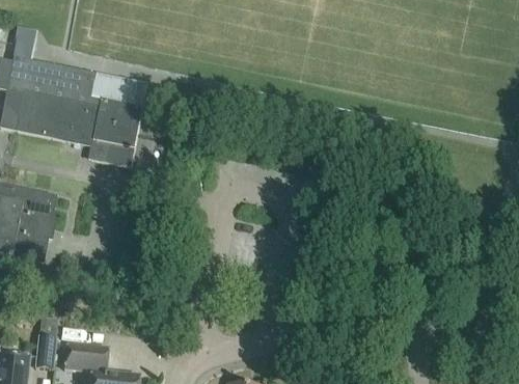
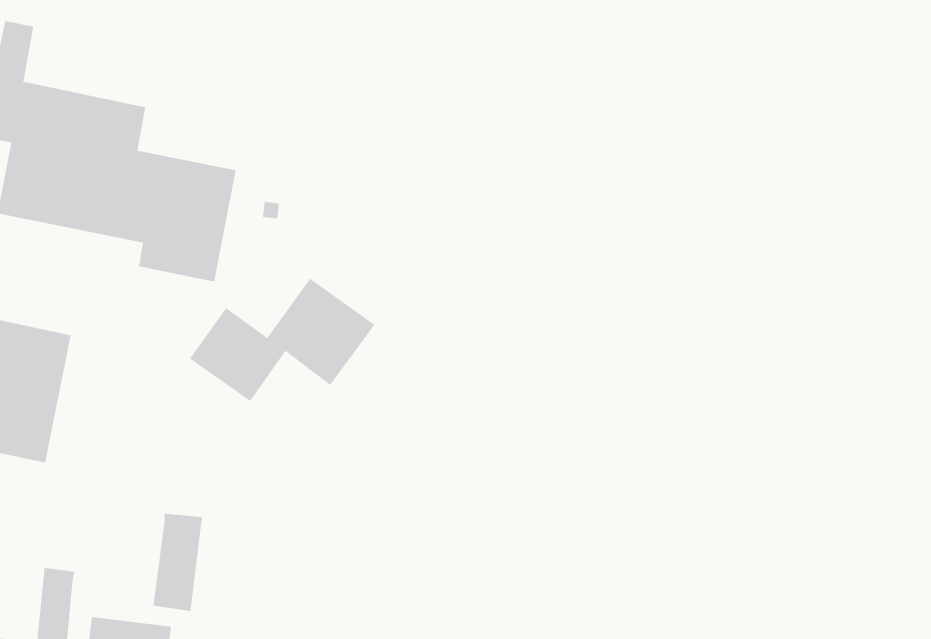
building: none -> [189,278,375,402]
building: none -> [153,513,202,612]

